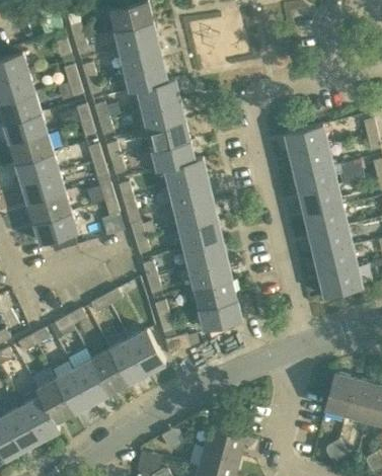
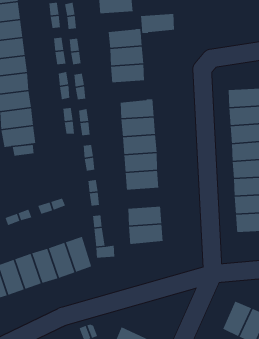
building: [124,62,167,91] -> [140,13,176,34]
building: [151,139,194,170] -> none
building: [188,259,231,289] -> none

